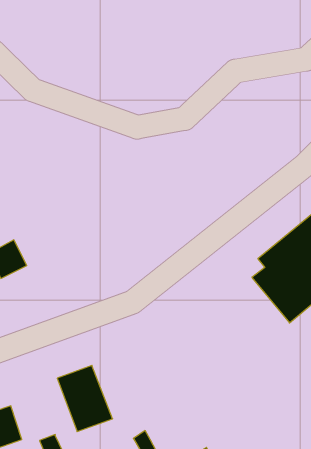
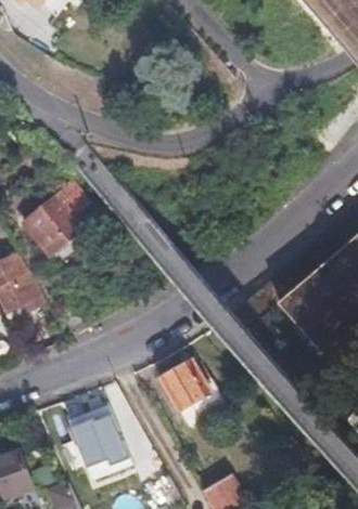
building: none -> [25,207,86,264]
building: none -> [161,357,228,419]

